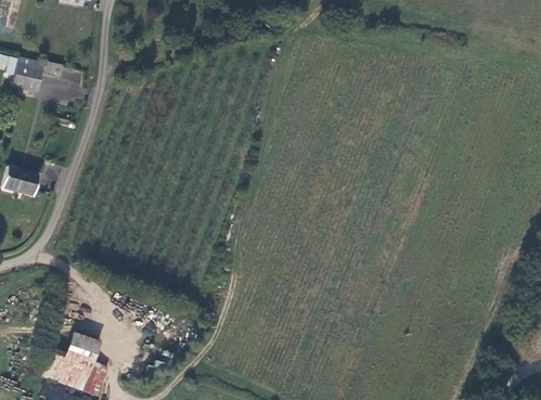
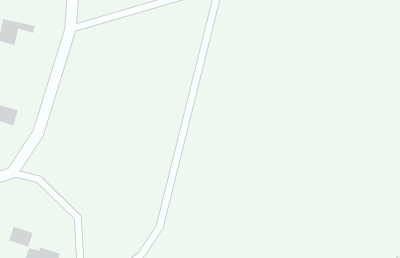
building: [66,336,100,364] -> [8,226,34,247]

